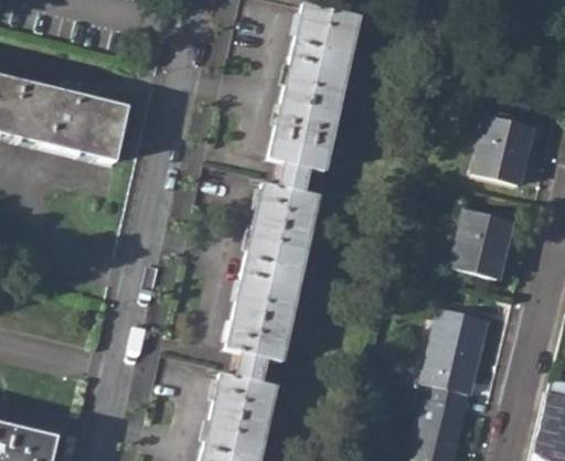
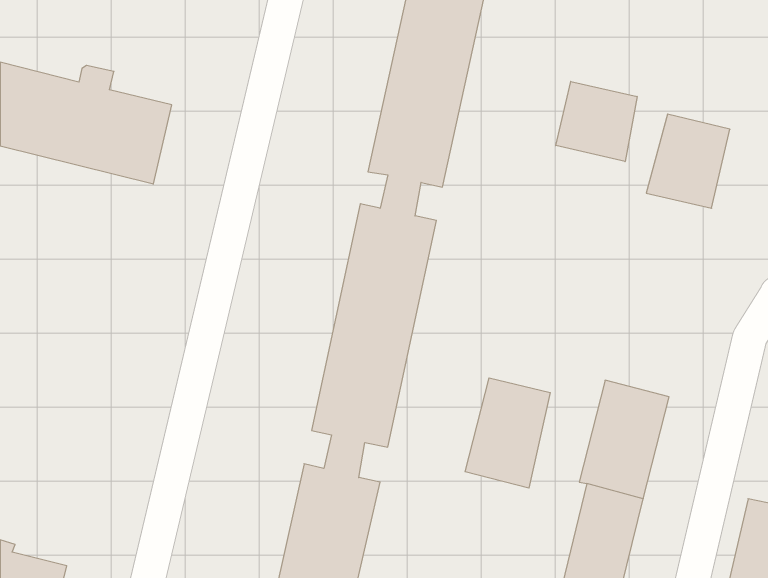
building: none -> [556,81,637,162]
building: [450,205,511,275] -> none
building: none -> [465,378,550,488]

